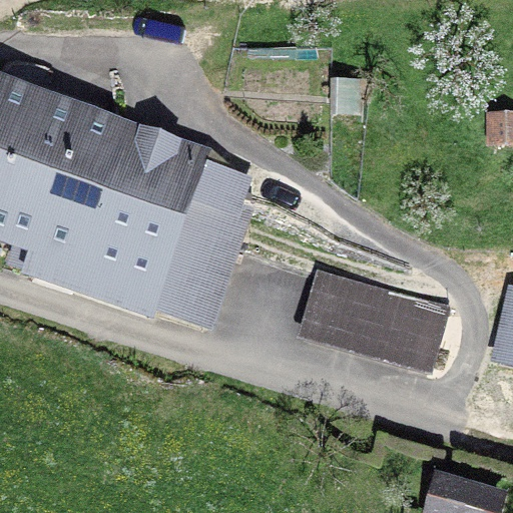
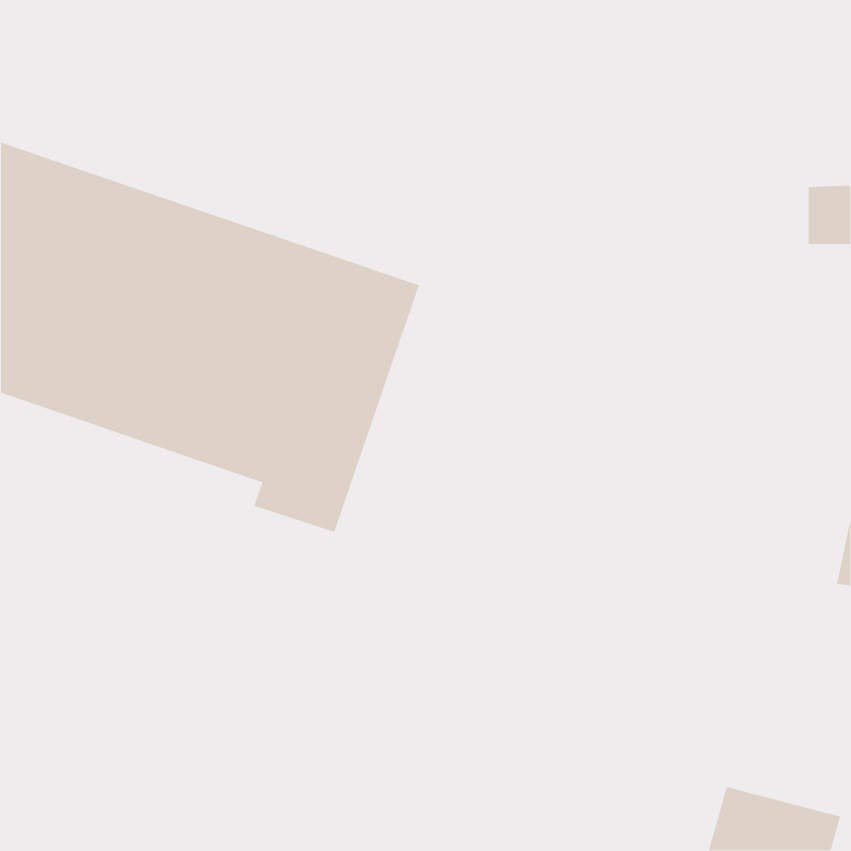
building: [308,273,430,367] -> none

